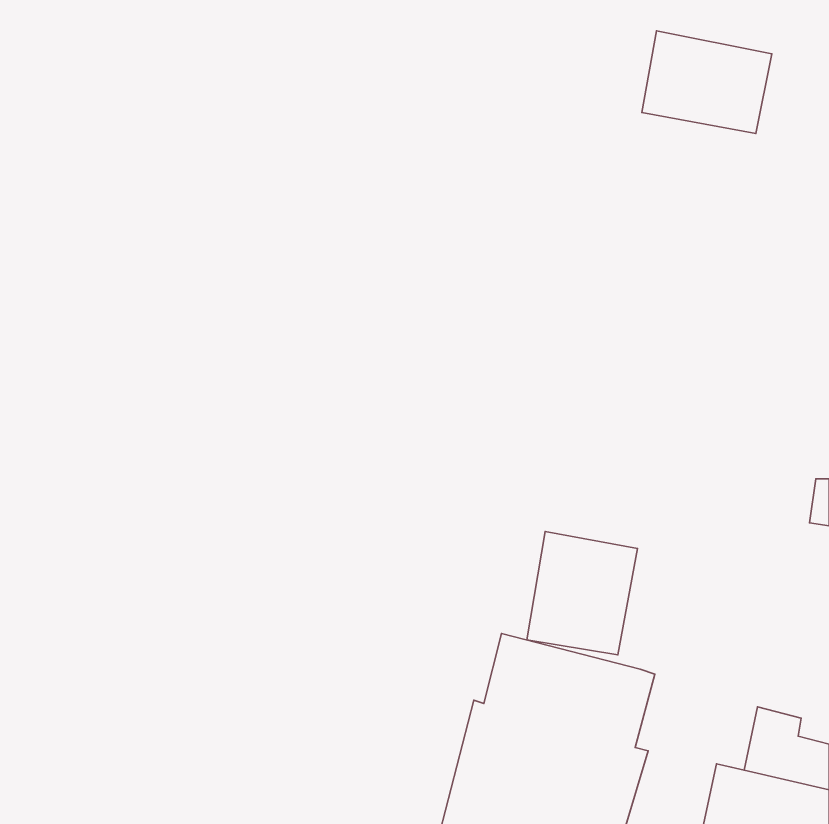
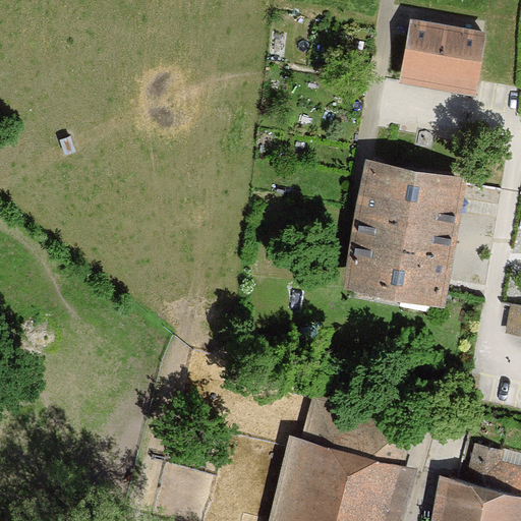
building: none -> [346,168,461,304]
building: [527,532,637,655] -> none

